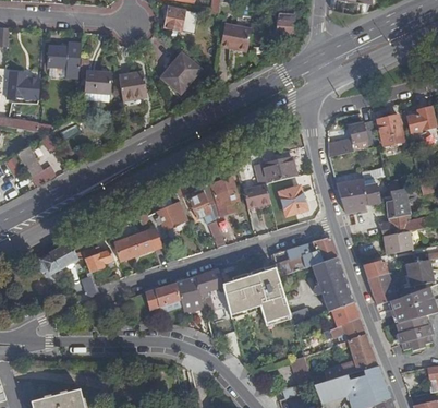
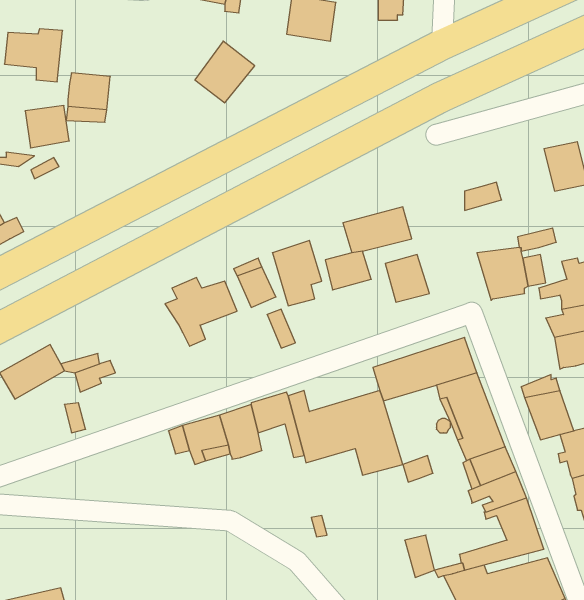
building: [117,71,144,97] -> [25,106,69,148]
building: [350,121,377,149] -> none
building: [112,228,162,260] -> none

